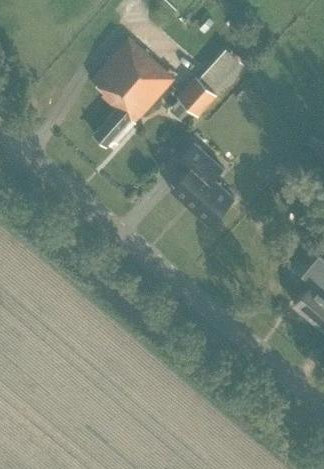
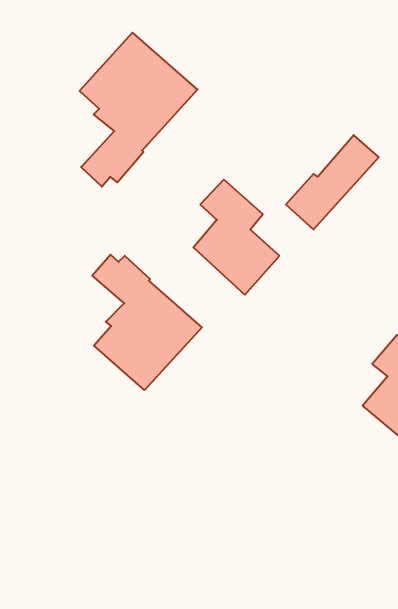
building: [177,49,244,117] -> [286,135,379,229]
building: none -> [92,255,202,390]

